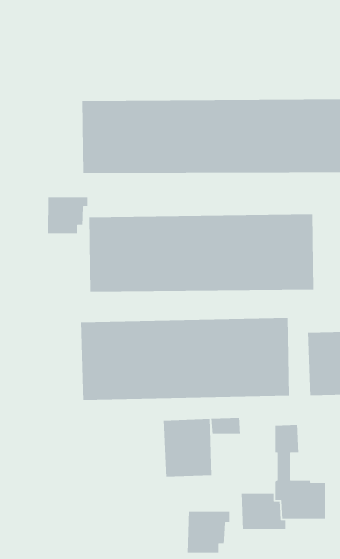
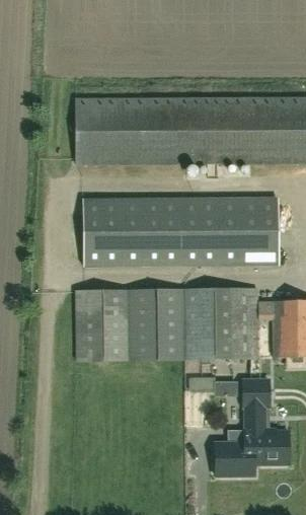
building: [47,196,88,234] -> none
building: [163,418,212,478] -> none
building: [187,511,230,554] -> none

